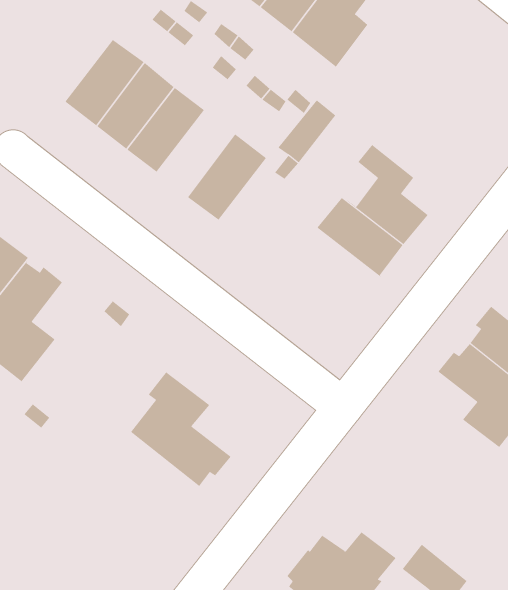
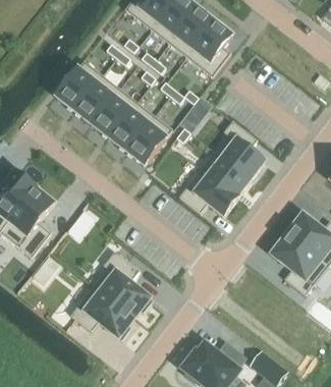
building: none -> [109,101,154,151]
building: none -> [179,168,237,215]
building: none -> [70,285,133,338]

